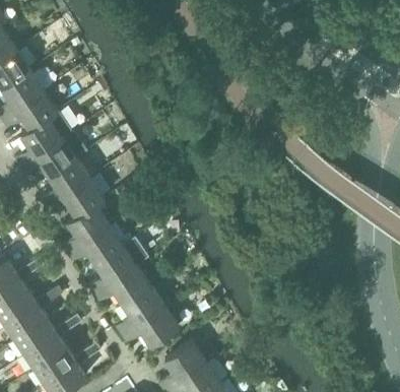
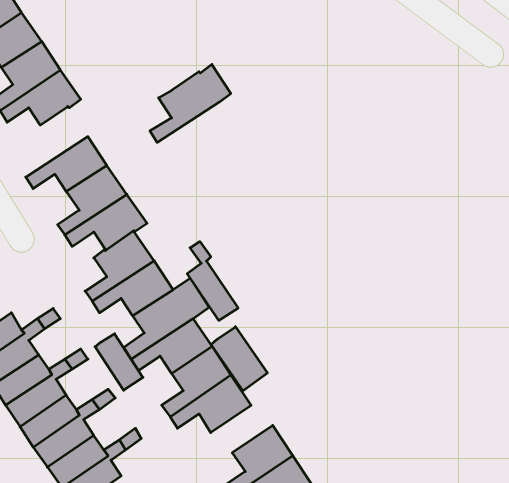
building: [15,111,72,166] -> [150,64,231,142]
building: none -> [187,242,238,320]
building: none -> [211,327,267,391]
building: none -> [95,334,143,390]

